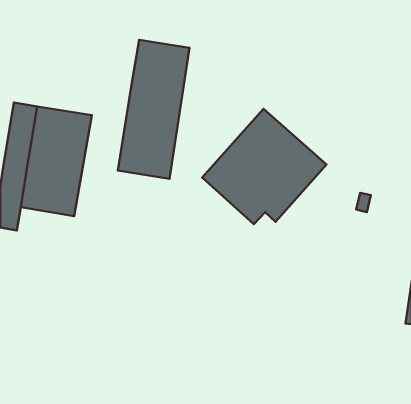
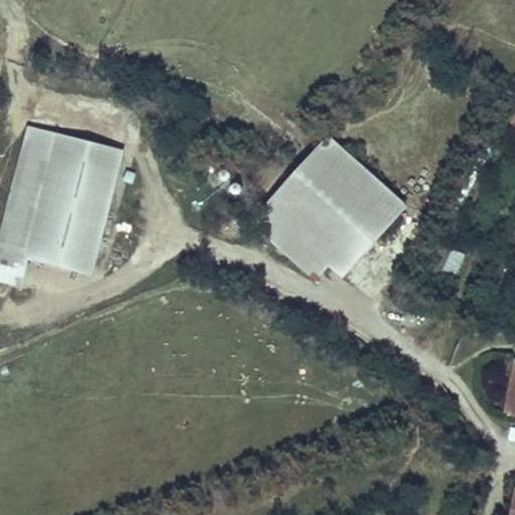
building: [118,40,190,179] -> none

